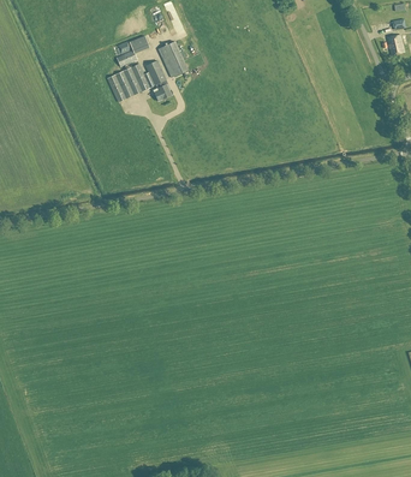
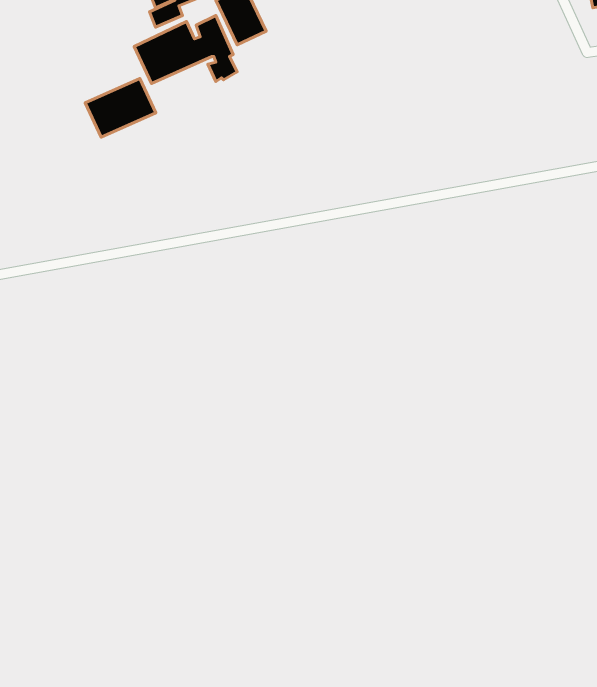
building: none -> [85,78,156,137]

